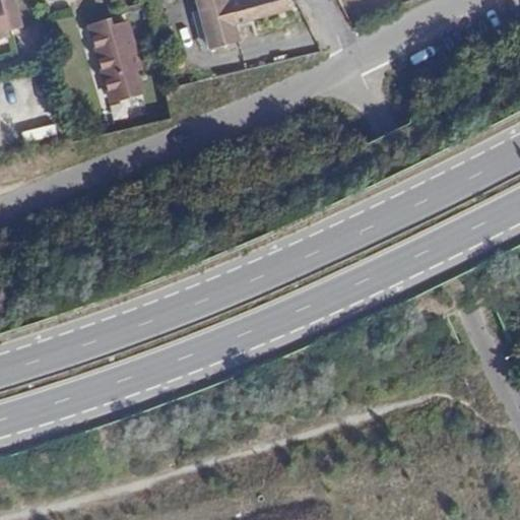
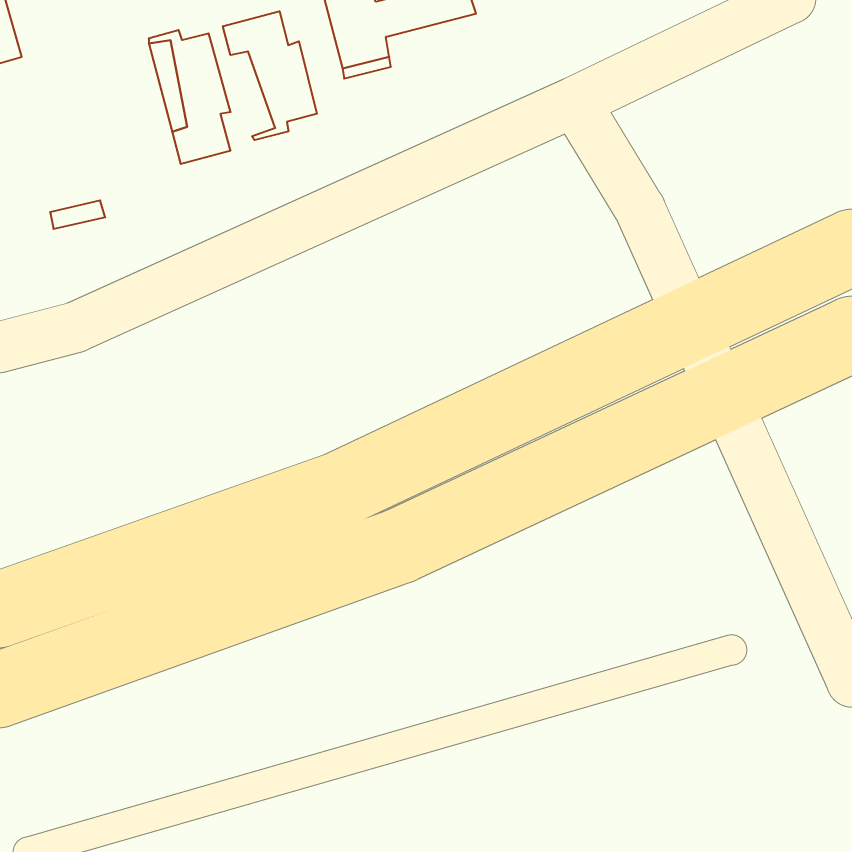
building: none -> [223,11,317,140]

